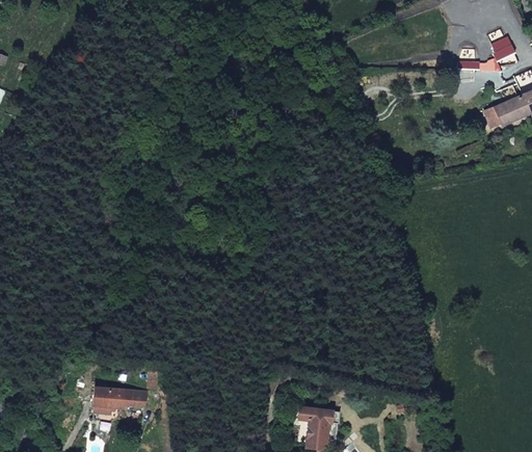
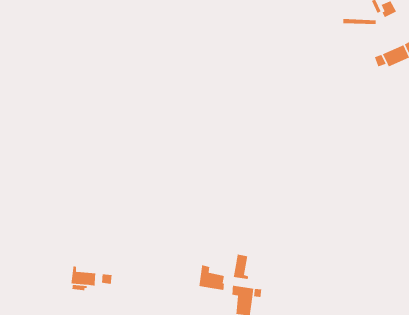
building: none -> [233,253,249,280]
building: none -> [198,264,225,291]

